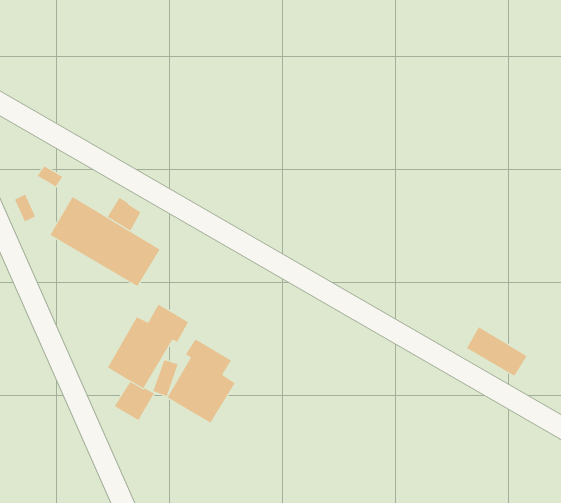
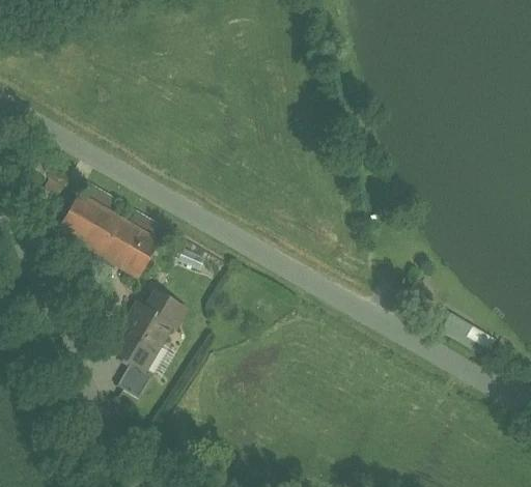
building: [107,197,141,231] -> none
building: [167,339,236,423] -> none

